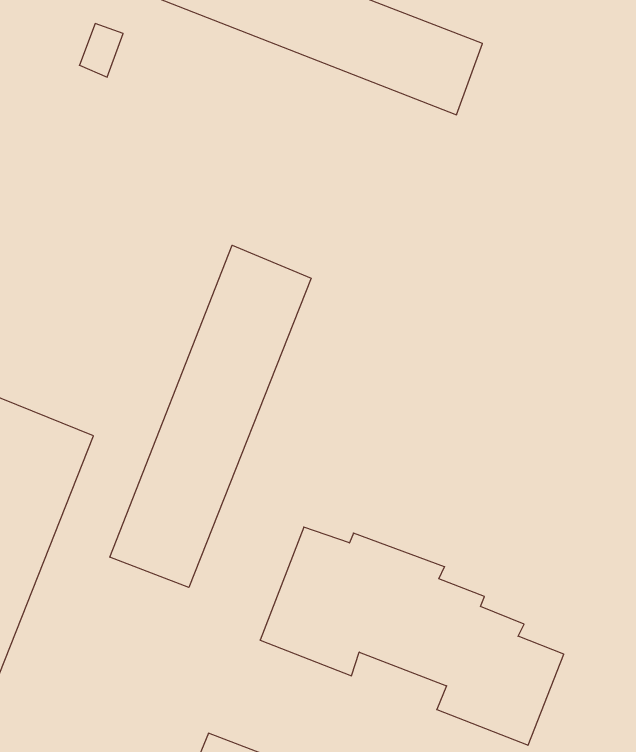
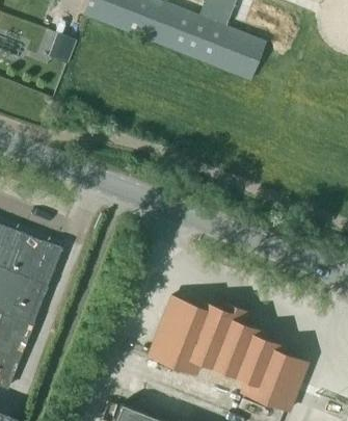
building: [110,245,311,587] -> none

